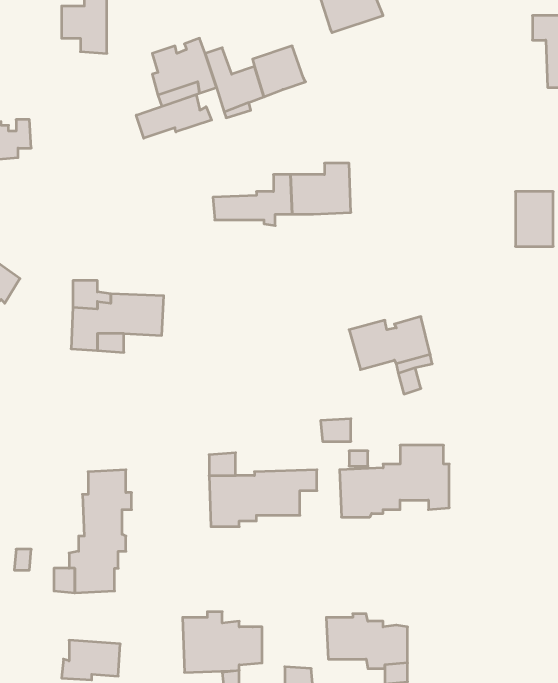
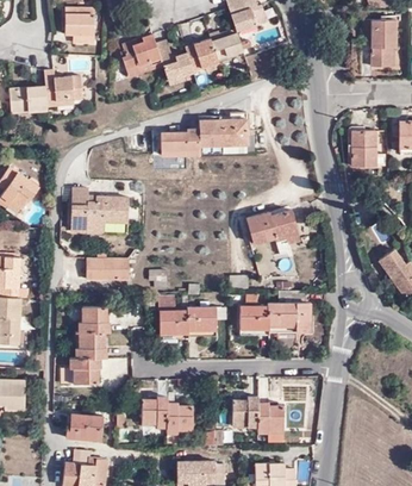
building: none -> [210,29,243,60]
building: [136,95,212,138] -> none
building: none -> [44,70,82,106]
building: none -> [87,257,130,279]

